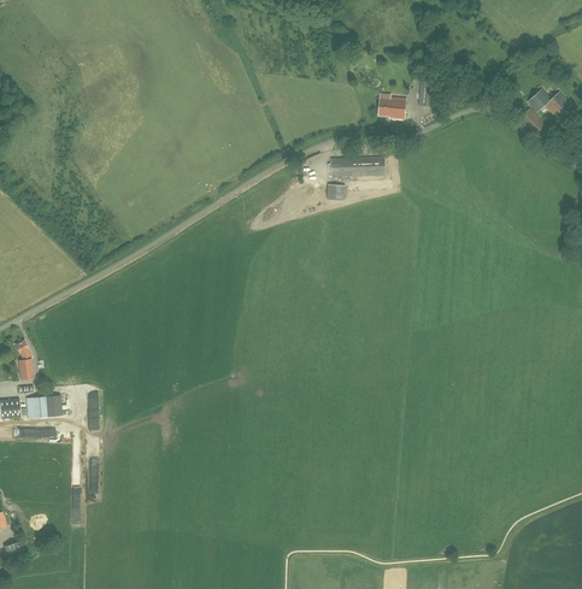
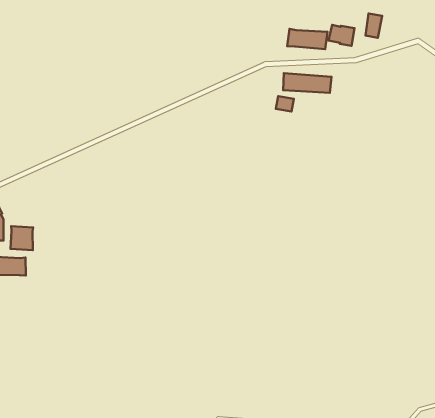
building: none -> [287,29,328,49]
building: none -> [11,226,33,250]

